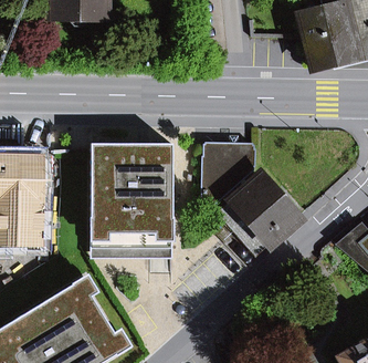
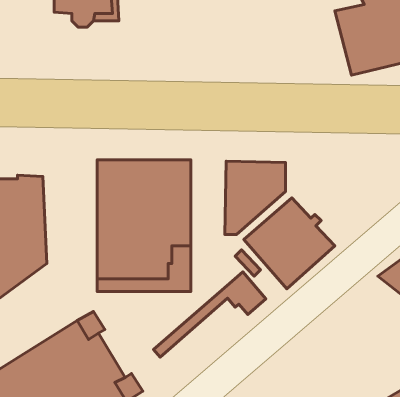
building: none -> [154,272,266,357]

